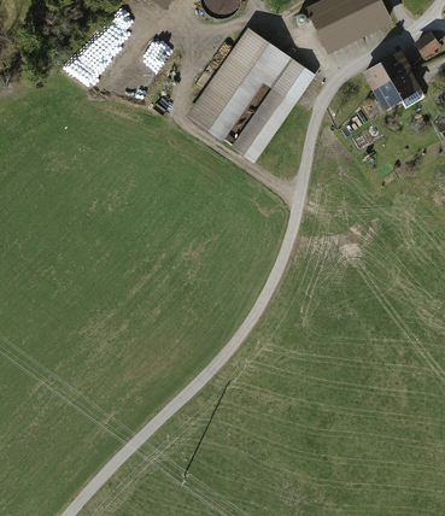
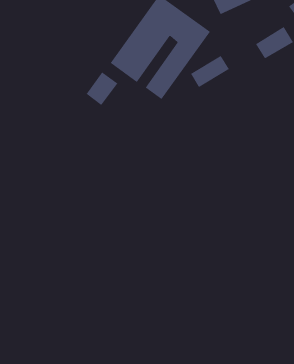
building: [361,48,411,90] -> [190,55,230,88]
building: none -> [86,71,118,106]

